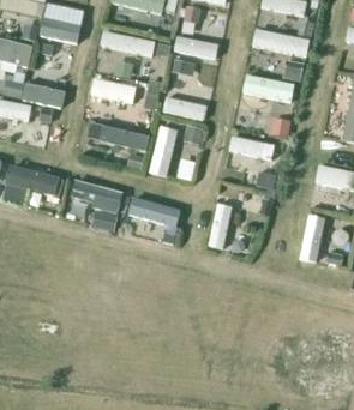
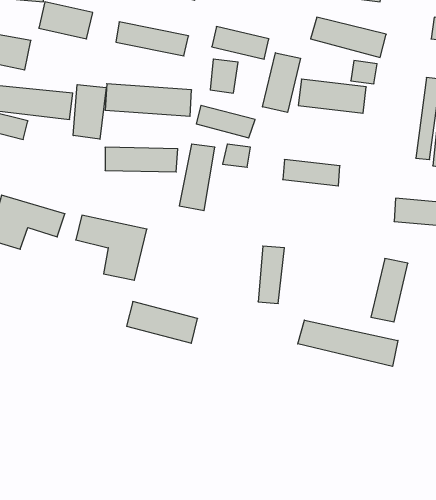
building: none -> [263,53,300,112]
building: none -> [73,85,106,139]
building: [126,194,181,227] -> [127,302,198,343]
building: none -> [298,320,398,366]

